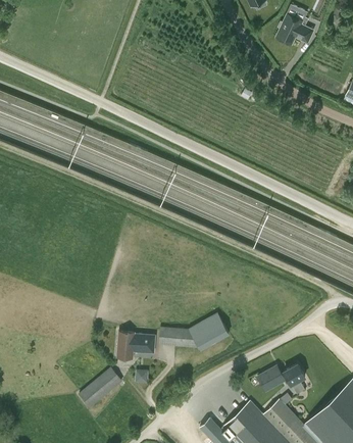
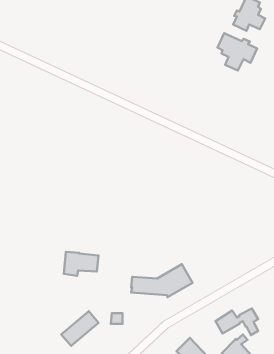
building: none -> [218,33,257,70]
building: [116,331,156,358] -> [64,252,99,276]

